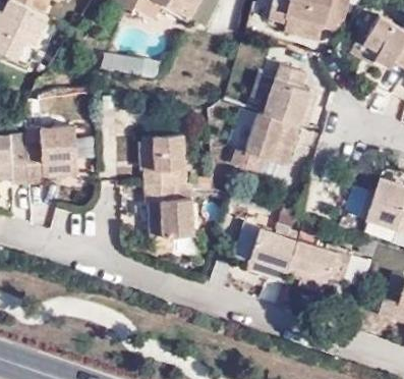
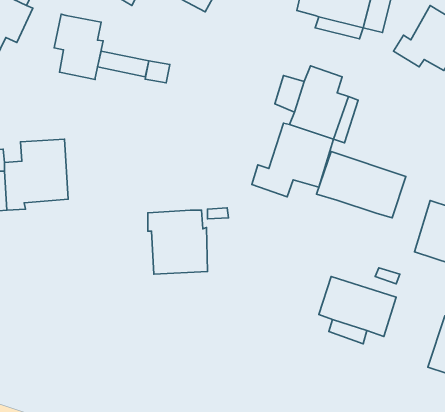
building: none -> [54,14,103,79]
building: [141,134,186,186] -> none
building: none -> [317,152,406,218]
building: [245,227,297,281] -> none

